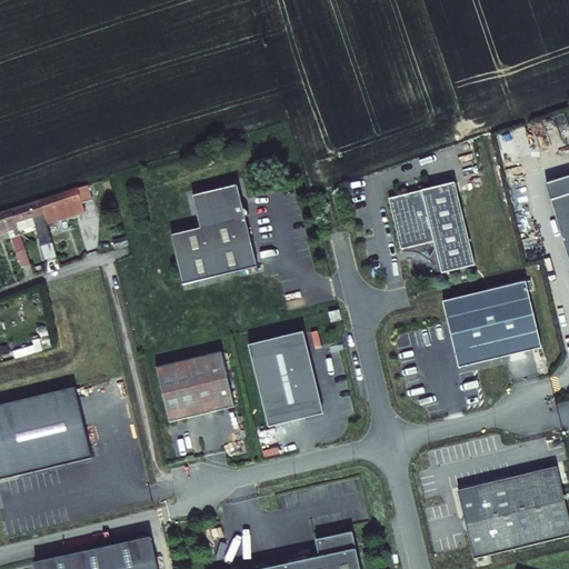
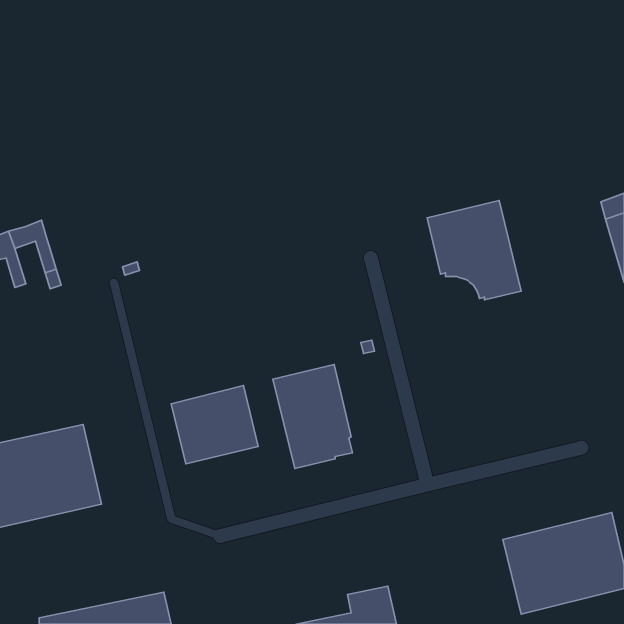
building: [38,182,90,222] -> none
building: [170,183,257,284] -> none
building: [442,280,542,367] -> none

